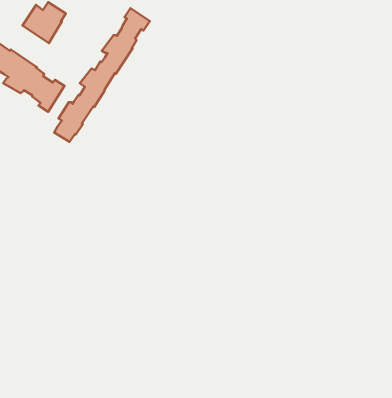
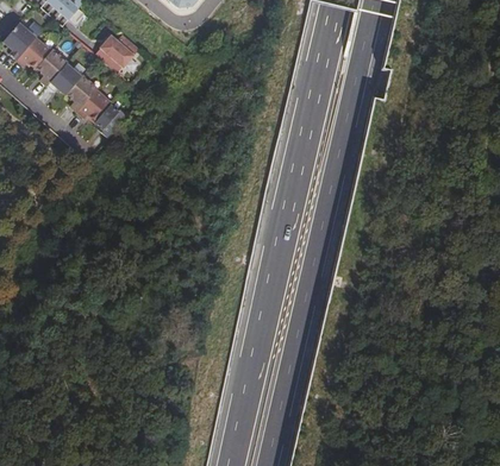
building: [54,8,150,142] -> none

